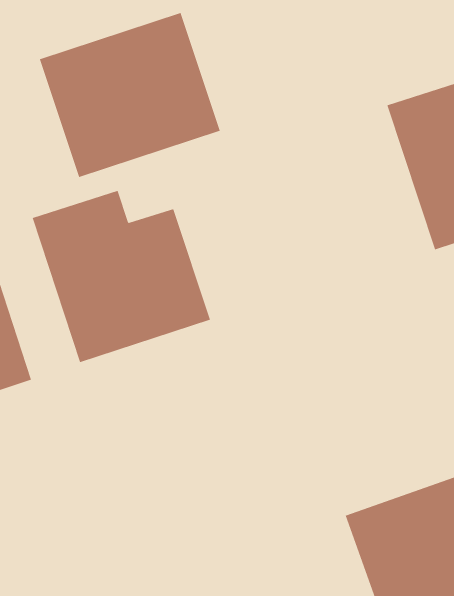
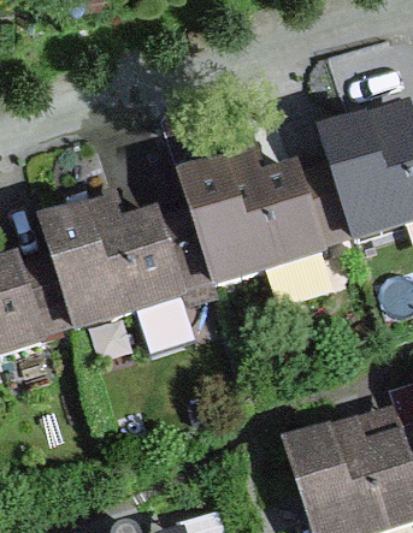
building: [39,12,221,178] -> none
building: none -> [179,148,319,283]

